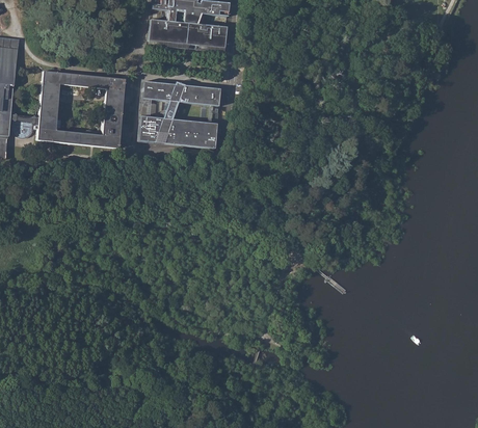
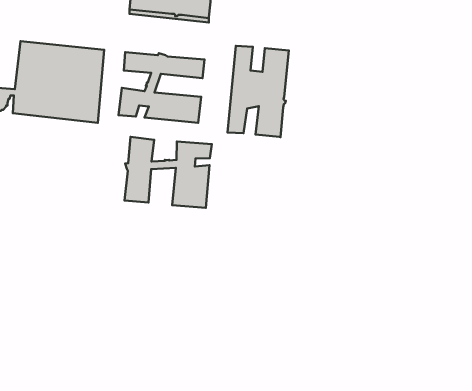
building: none -> [228,46,289,137]
building: none -> [125,137,212,208]

